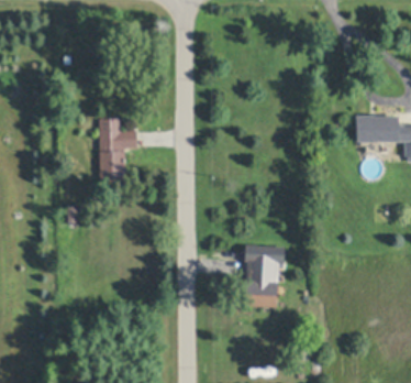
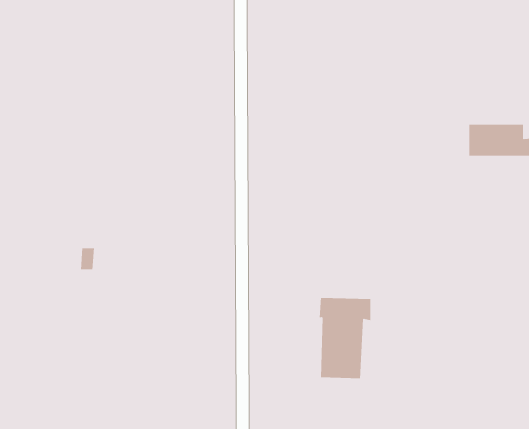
building: [101,114,137,179] -> none

